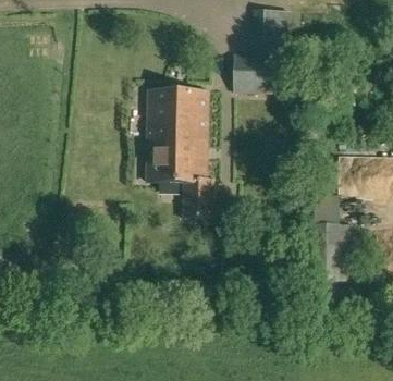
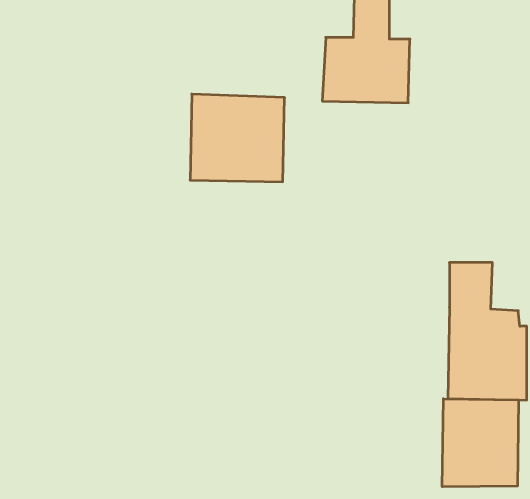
building: [147,143,214,217] -> none
building: none -> [442,399,519,487]

